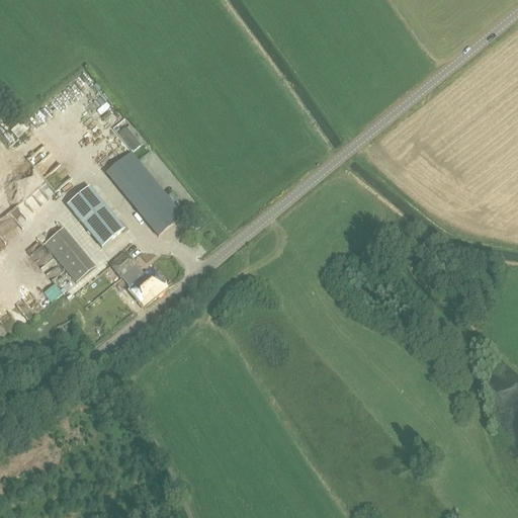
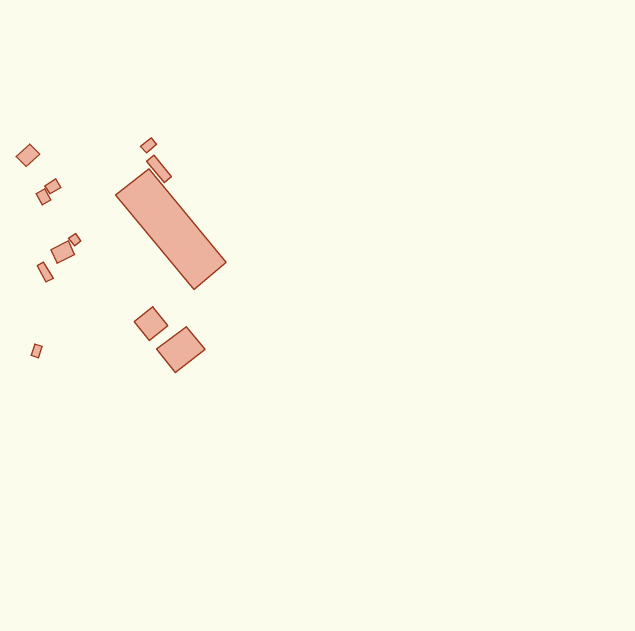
building: [66,185,123,246] -> none
building: [44,227,95,281] -> none

